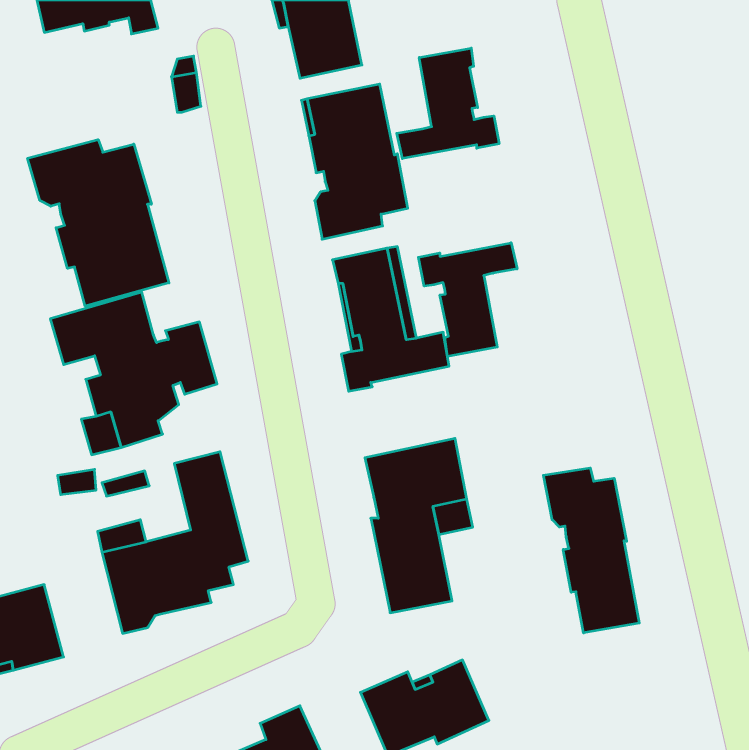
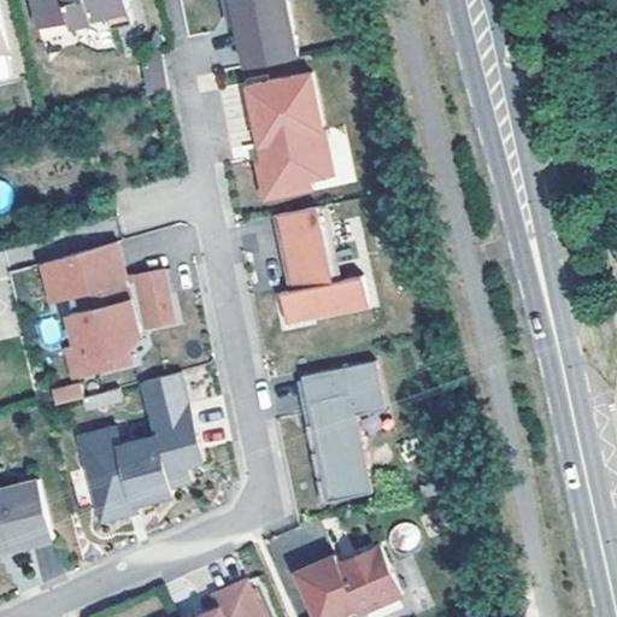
building: [397,48,499,159] -> none
building: [28,140,169,306] -> none
building: [418,243,517,356] -> none
building: [543,468,639,633] -> none

